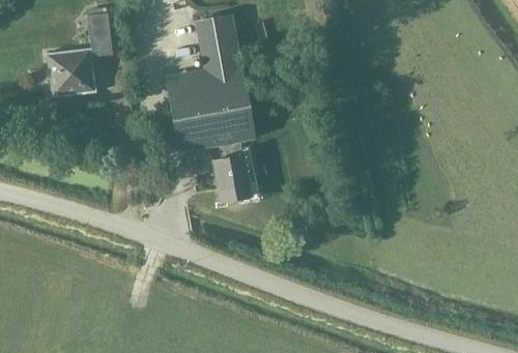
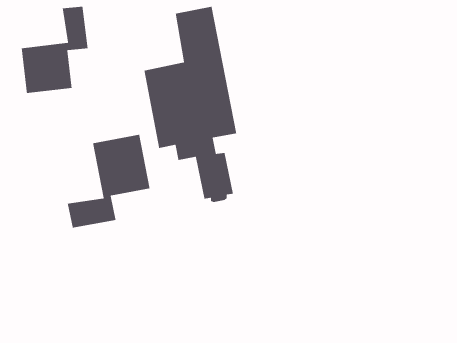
building: none -> [67,134,150,229]

